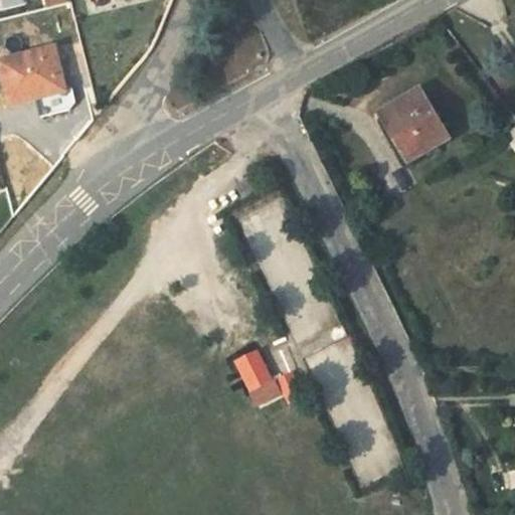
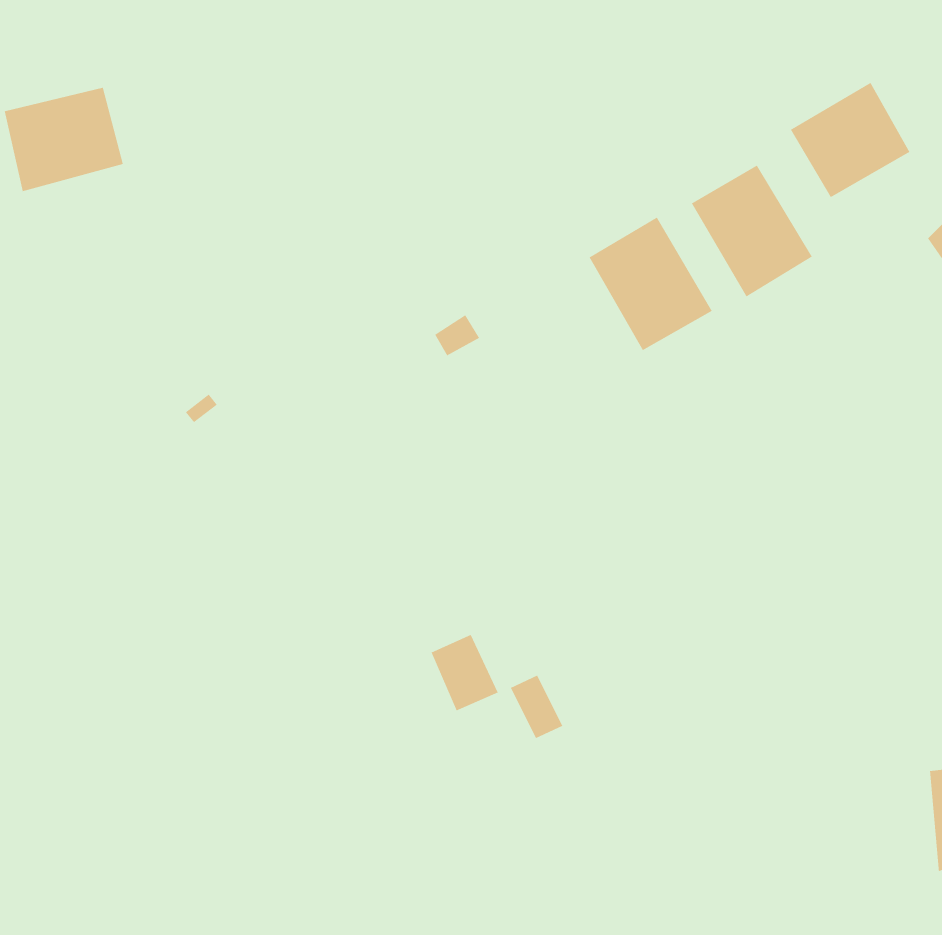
building: none -> [790,82,911,198]
building: none -> [589,216,713,351]

